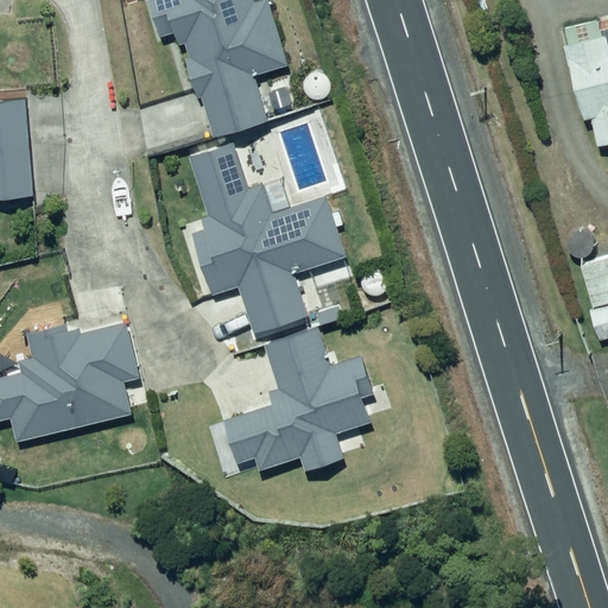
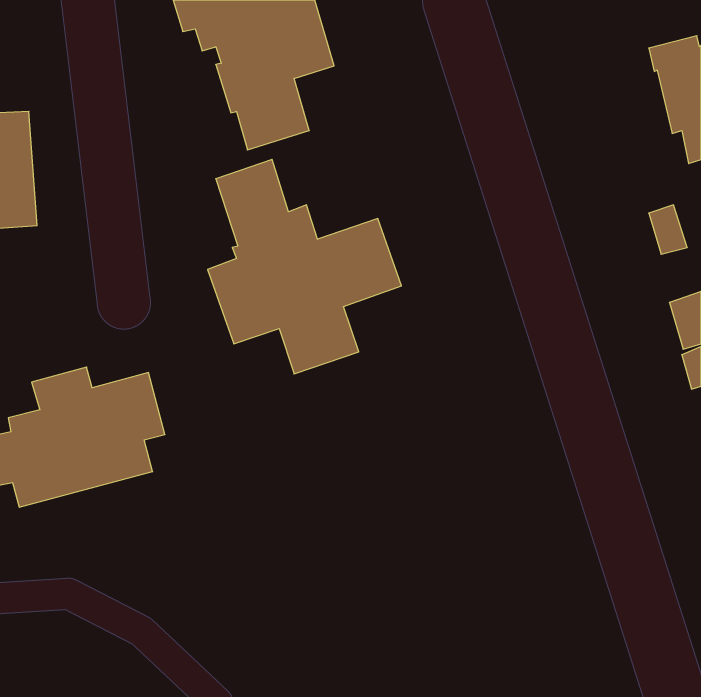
building: [220,323,380,473] -> none

